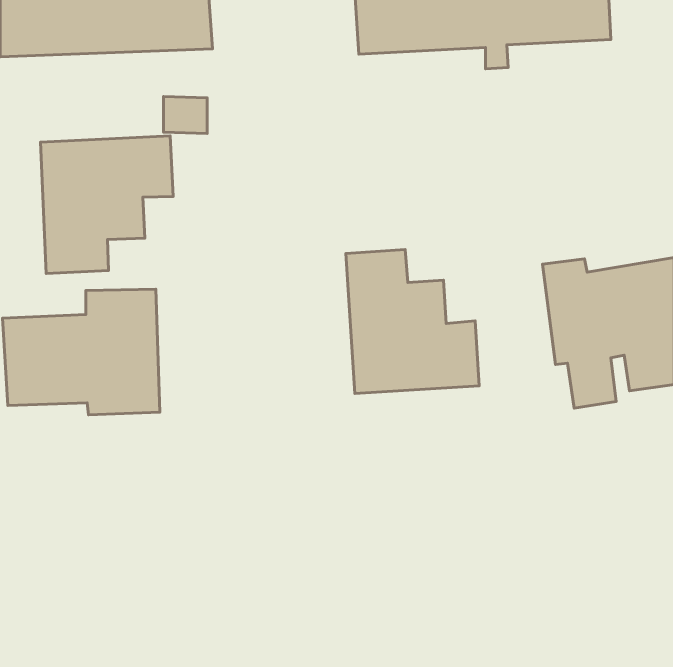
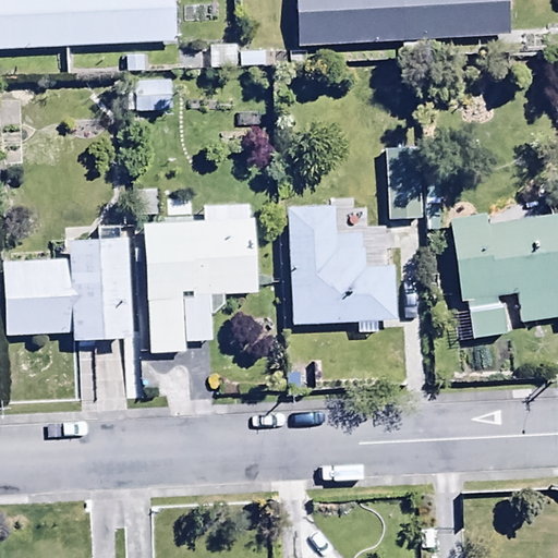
building: [40,136,173,273] -> none
building: none -> [388,149,423,217]
building: none -> [144,204,258,355]

